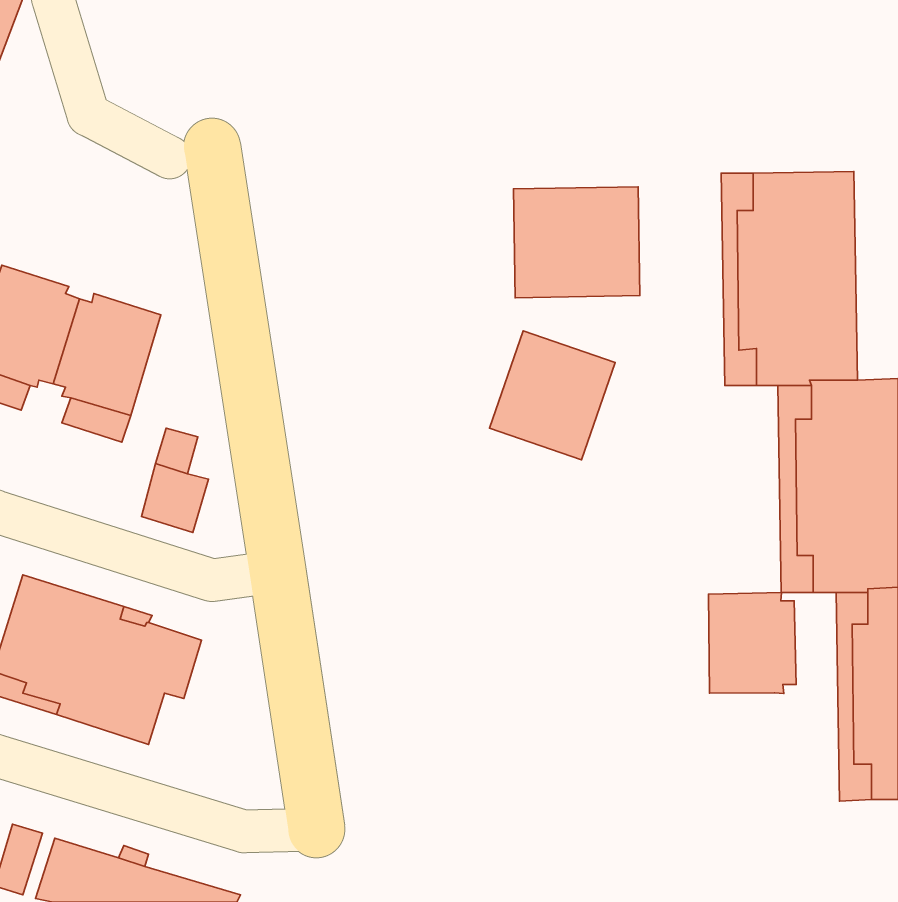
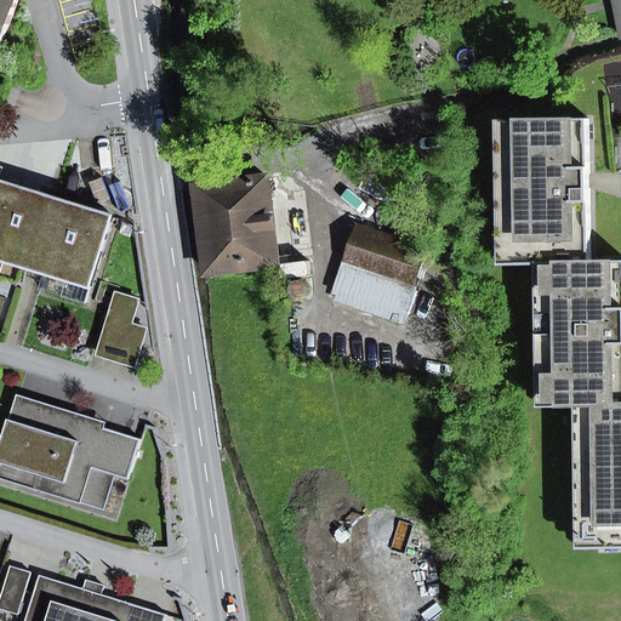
building: [513,187,640,298] -> none
building: none -> [194,177,275,273]
building: [709,592,796,694] -> none

